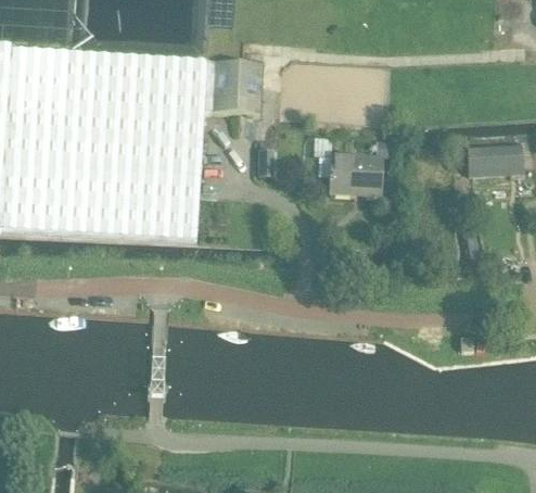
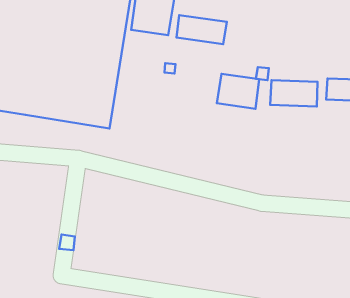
building: none -> [176,15,227,44]
building: none -> [270,80,317,107]

